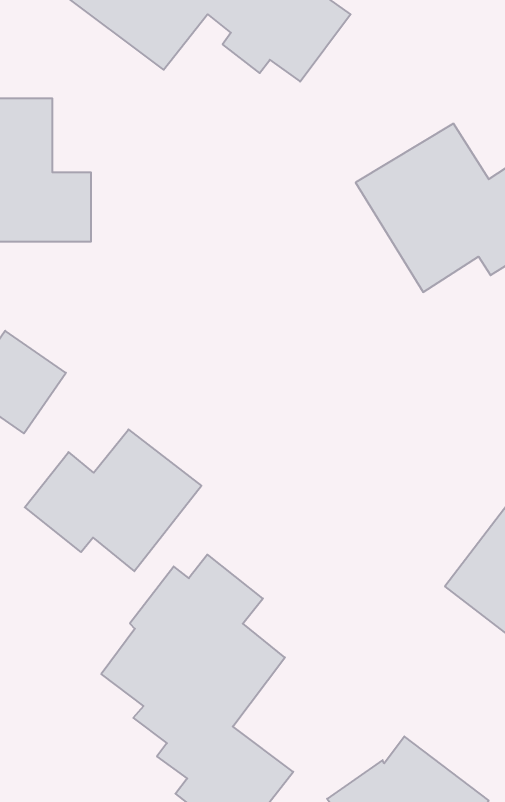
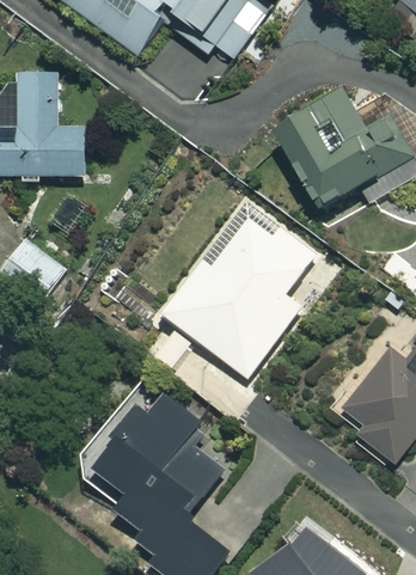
building: none -> [157,195,337,379]
building: [25,429,201,571] -> none

